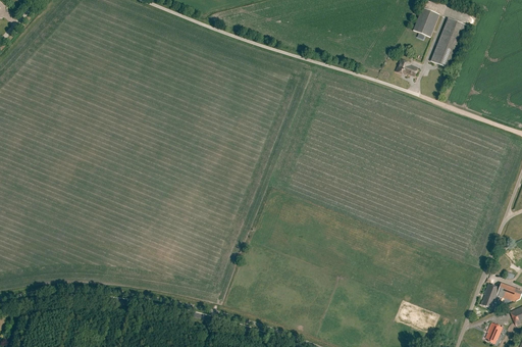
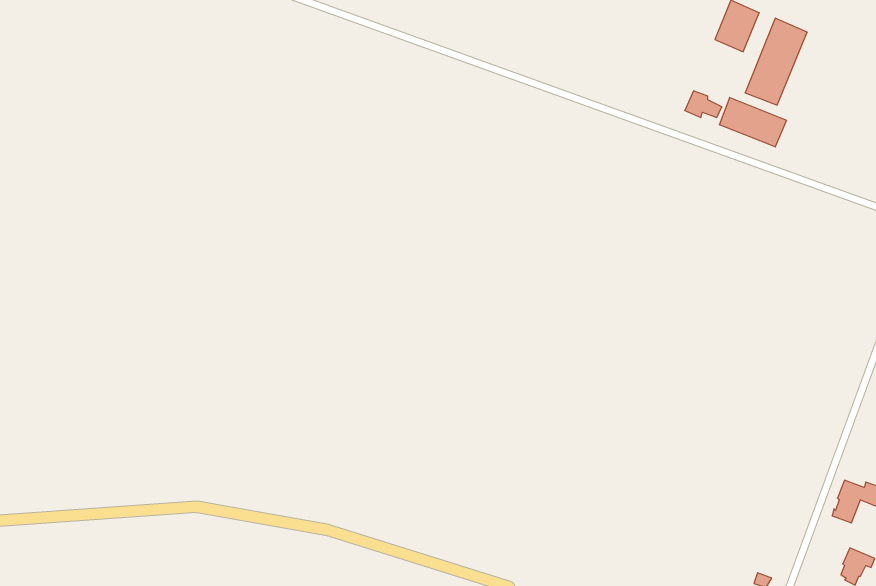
building: none -> [720,97,786,147]

